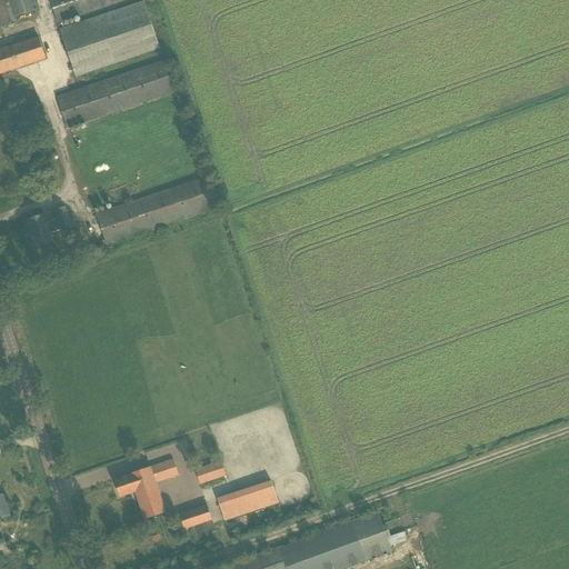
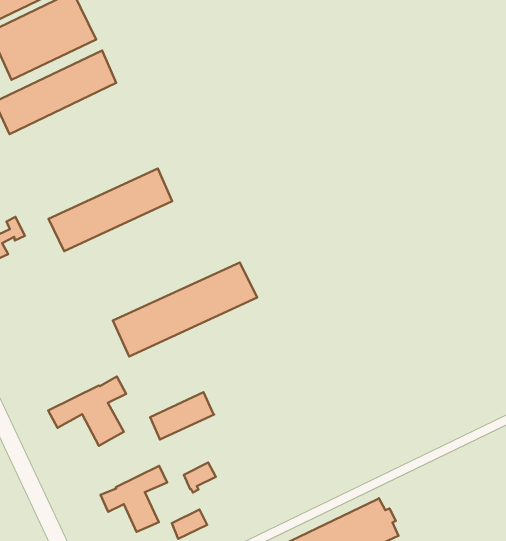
building: none -> [113,262,257,356]
building: none -> [48,376,126,446]
building: [217,480,278,520] -> [150,392,214,440]

